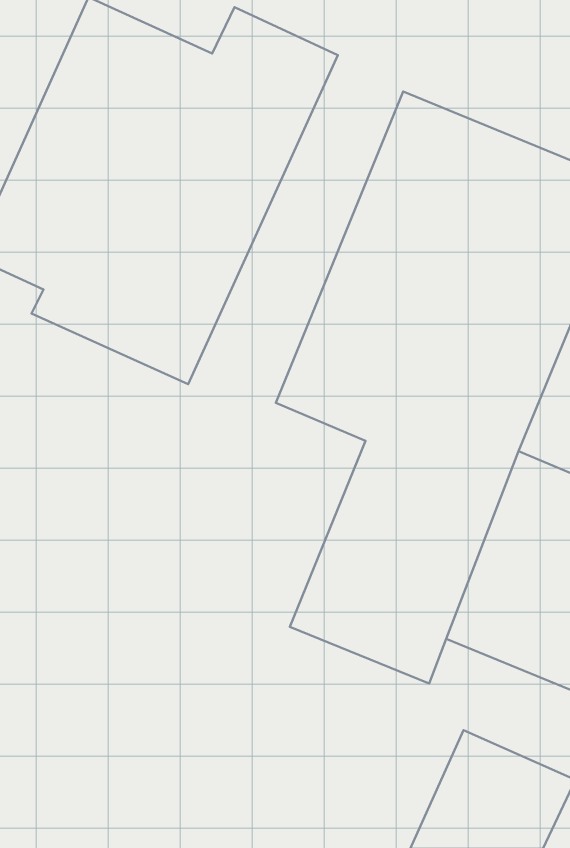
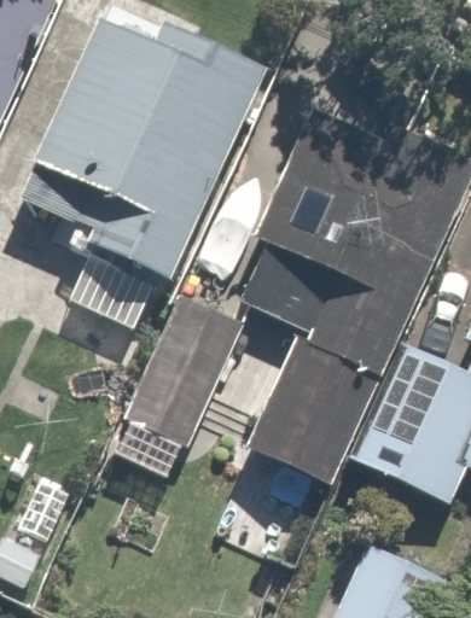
building: none -> [124,295,251,456]

